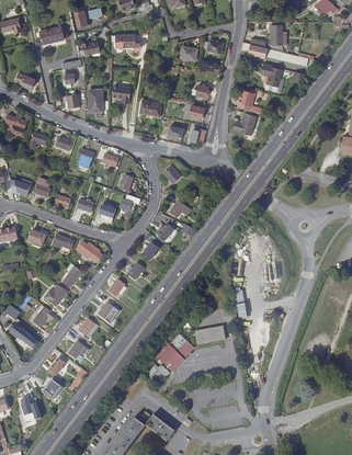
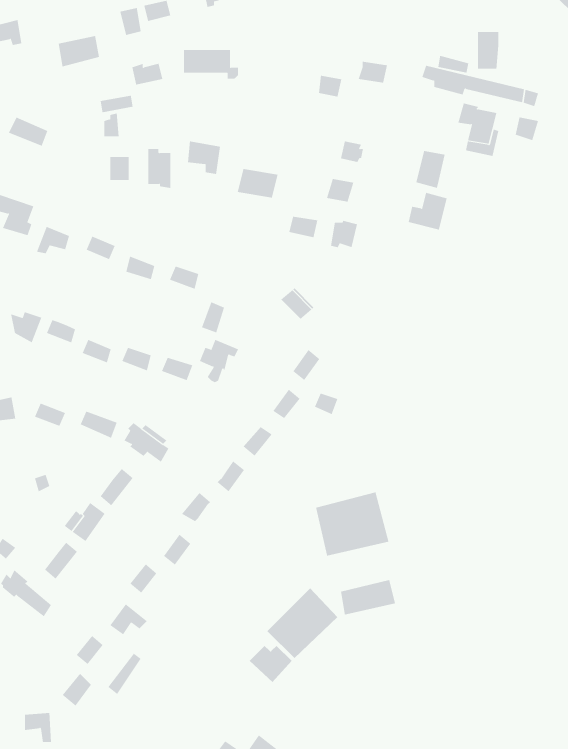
building: none -> [316,491,389,556]

